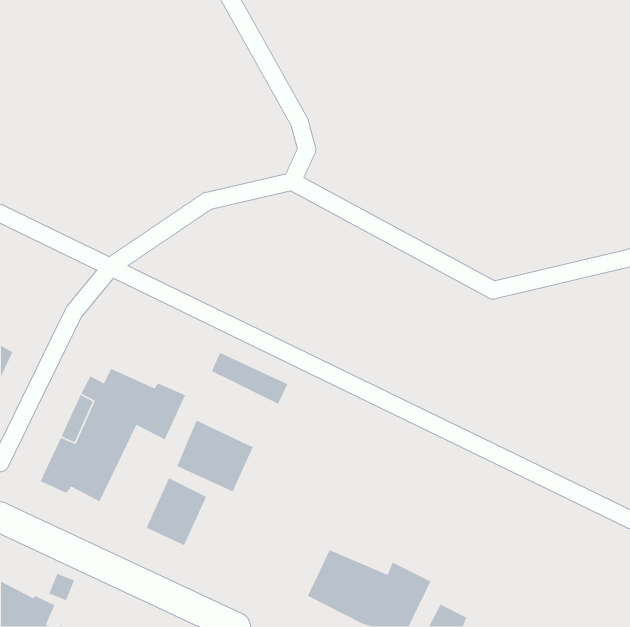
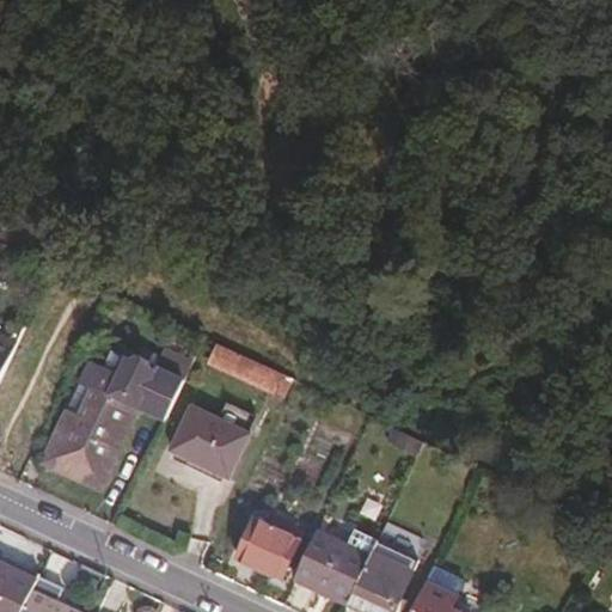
building: [146,477,207,546] -> none
building: none -> [232,516,298,576]

